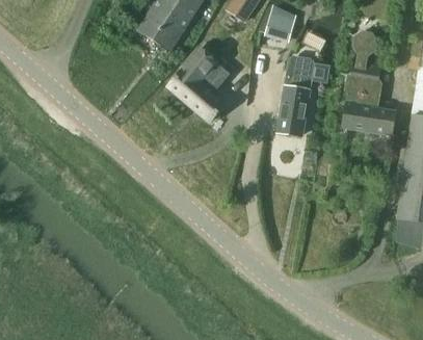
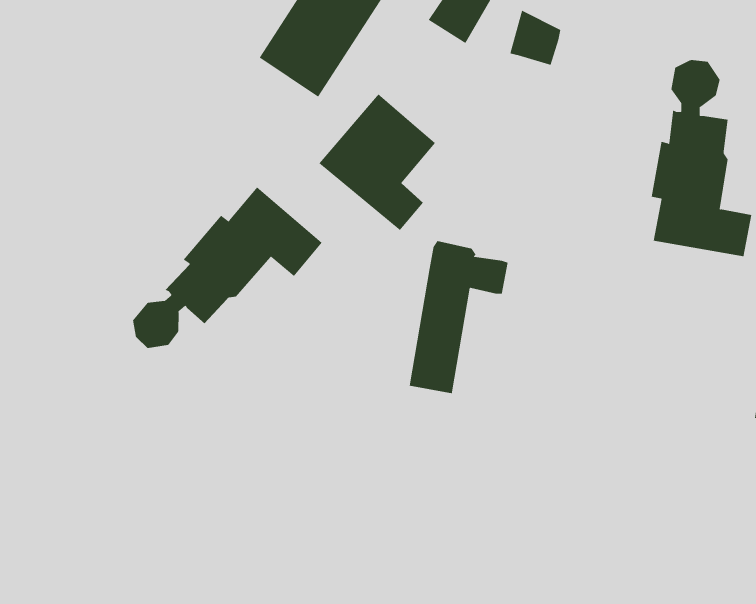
building: [279,56,331,136] -> [409,240,508,394]
building: none -> [133,186,322,349]

